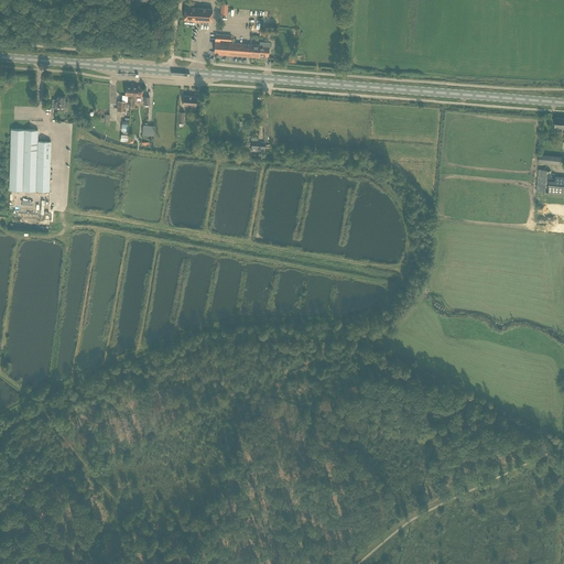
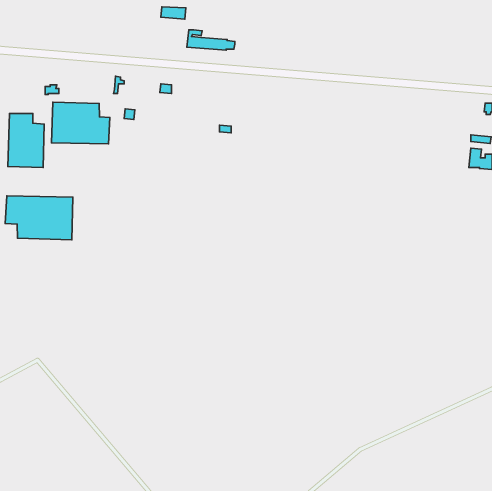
building: none -> [52,102,110,144]
building: none -> [5,196,73,240]

